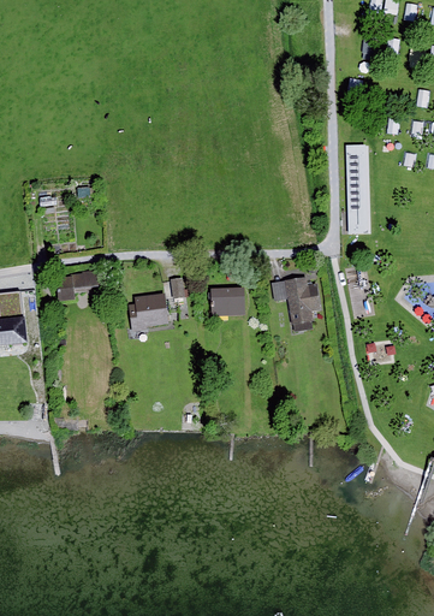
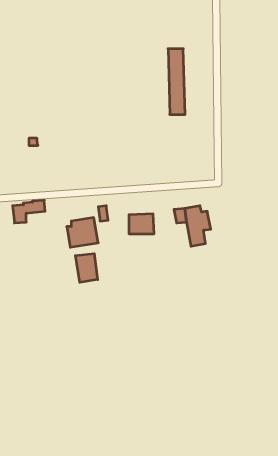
building: [347,147,370,235] -> [168,49,185,114]
building: none -> [75,254,98,282]

